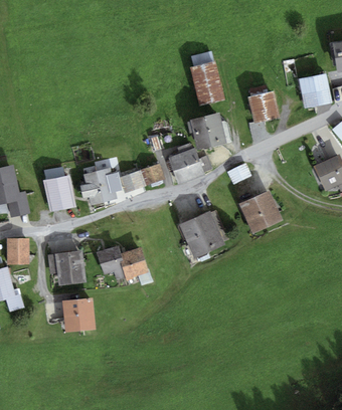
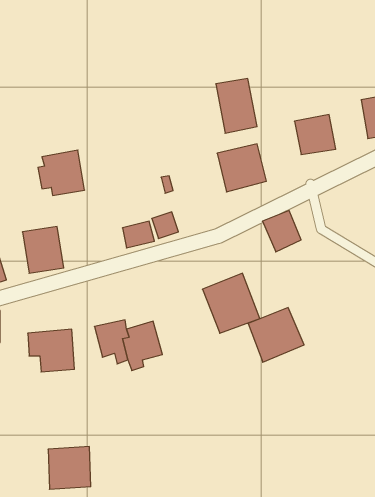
building: [169,149,202,180] -> none
building: [79,168,115,202] -> [38,150,85,195]
building: [239,191,282,232] -> [248,308,304,362]
building: [62,298,95,331] -> [48,447,91,489]

